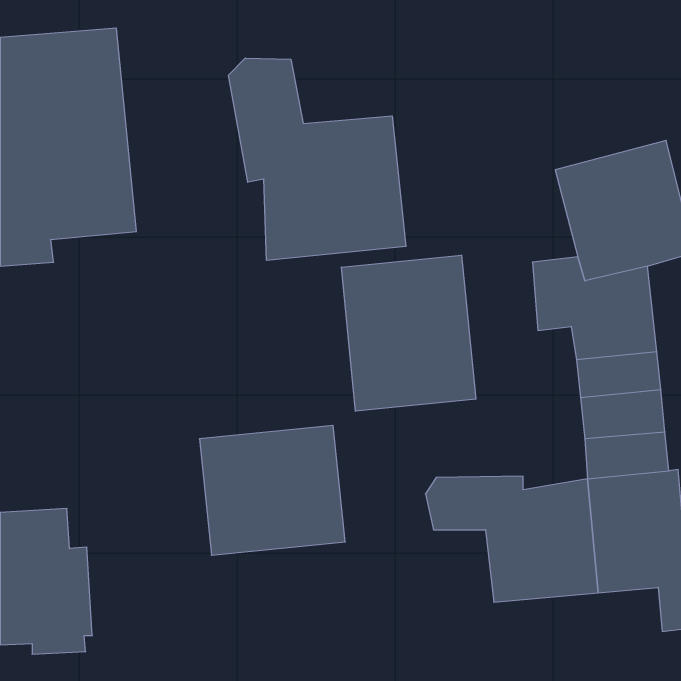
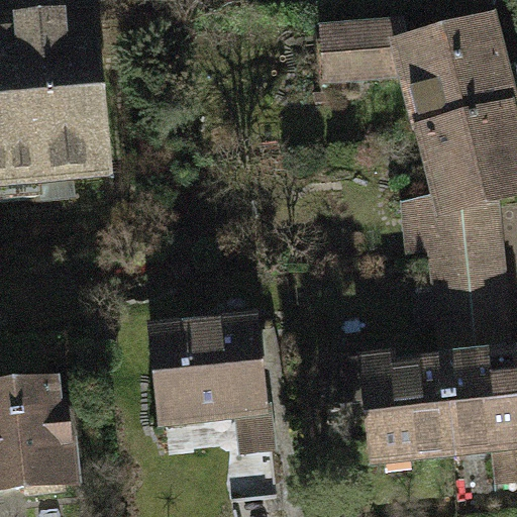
building: none -> [325,24,510,128]
building: [229,58,406,260] -> none
building: [341,255,476,411] -> none

